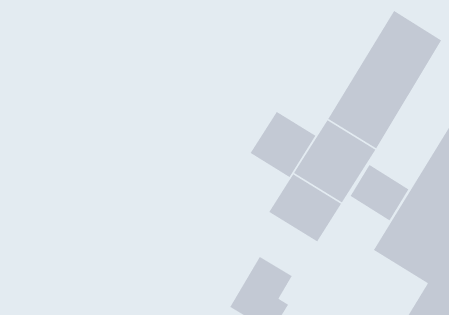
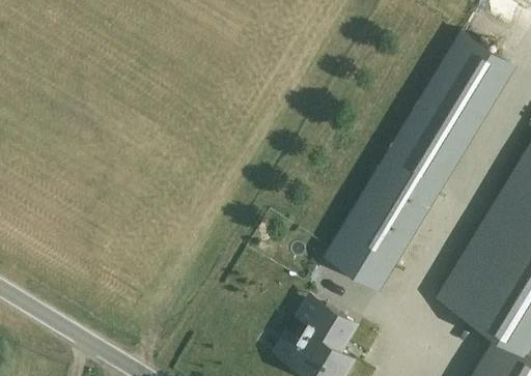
building: [250,111,317,178] -> none
building: [350,164,410,221] -> none

